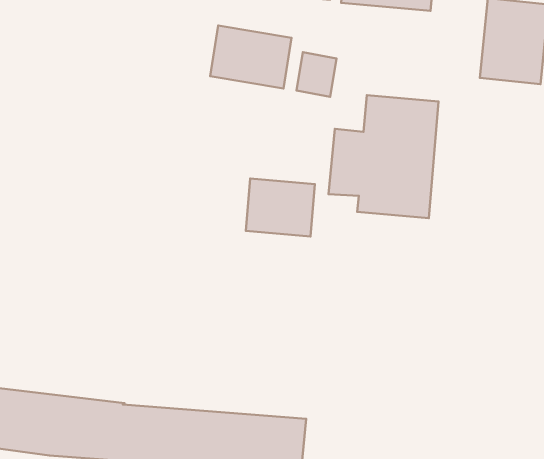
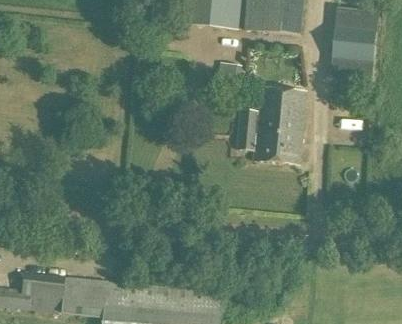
building: [210,26,291,88] -> none
building: [246,179,315,237] -> none

